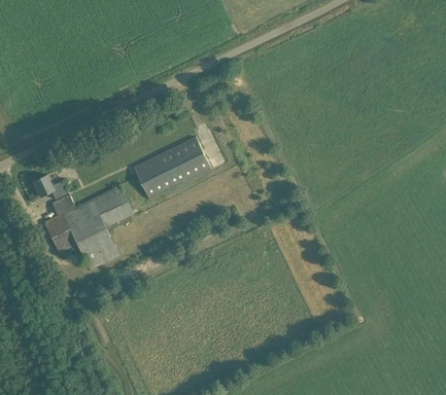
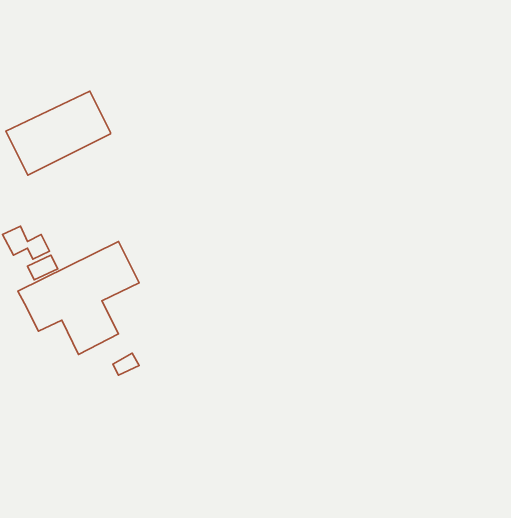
building: [132,137,210,200] -> [6,91,110,175]

